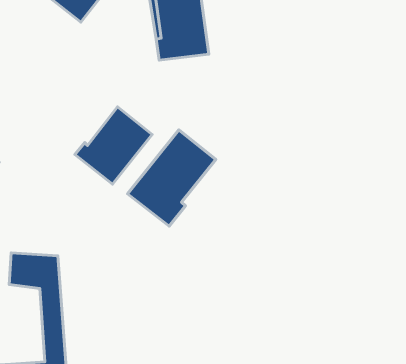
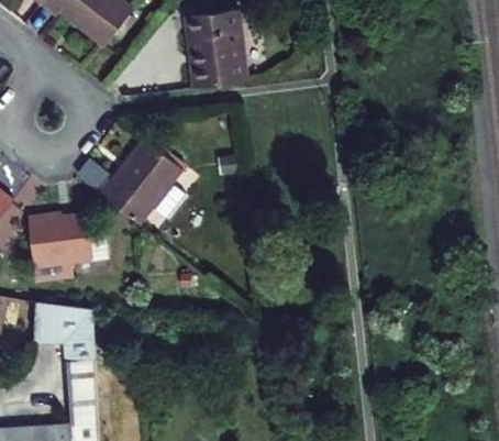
building: [127,130,216,226] -> none
building: none -> [30,214,114,264]

